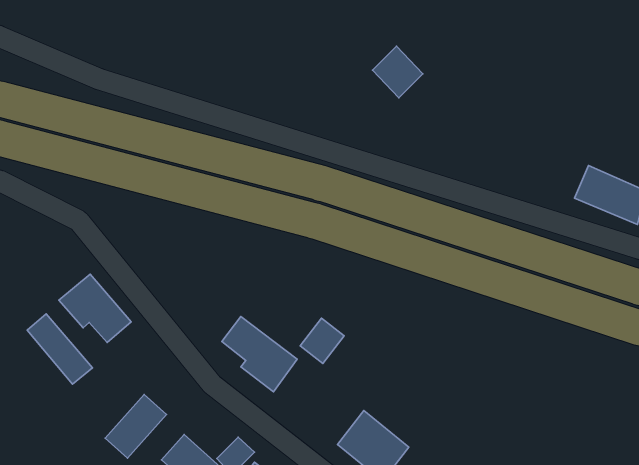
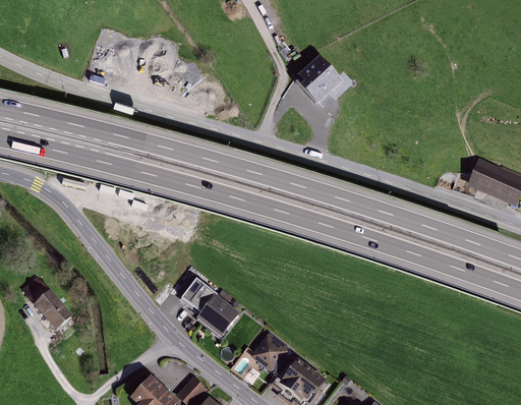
building: [59,274,131,342] -> none
building: [300,318,344,363] -> [251,331,287,367]
building: [105,395,167,458] -> none

